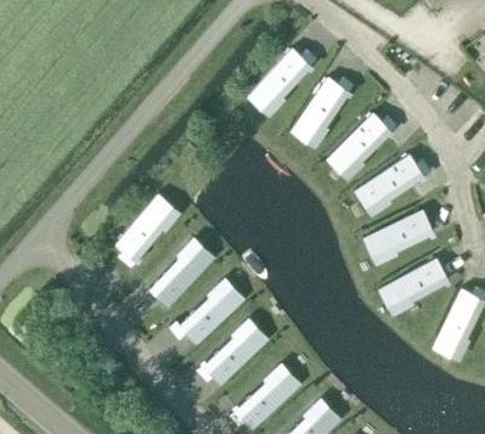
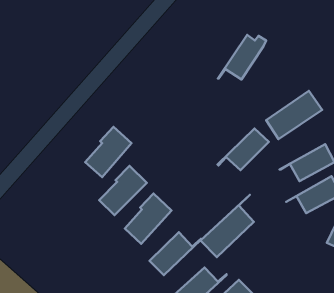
building: [238,56,305,112] -> none
building: [326,115,391,169] -> [218,129,269,170]
building: none -> [200,195,254,257]

